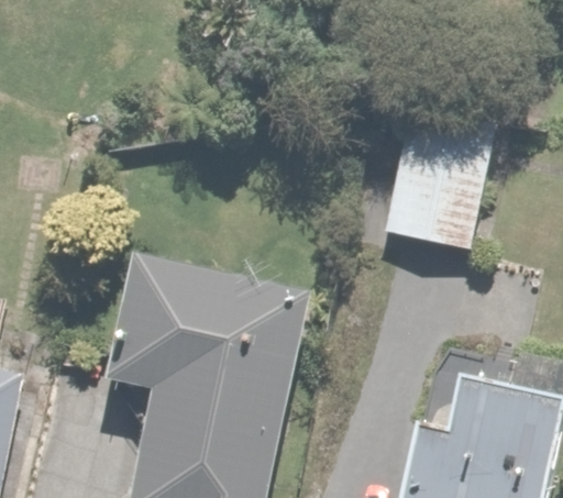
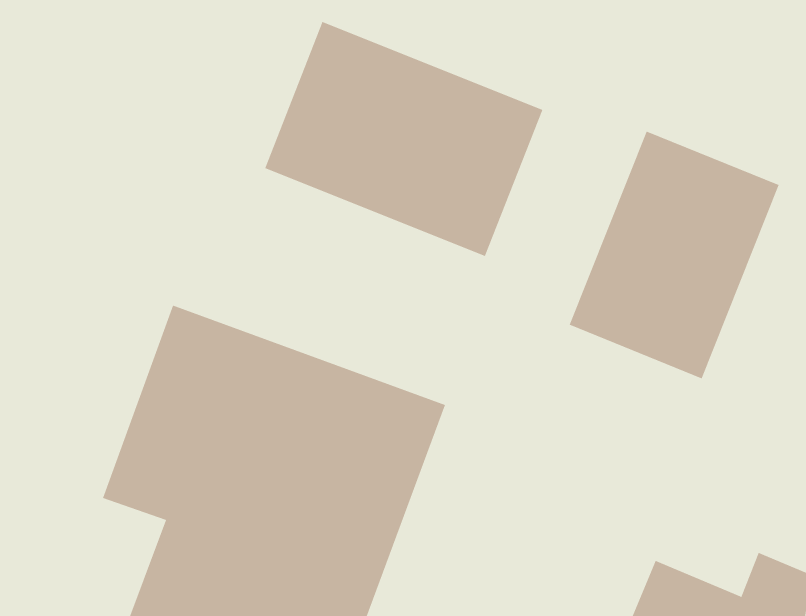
building: none -> [264,21,543,257]

